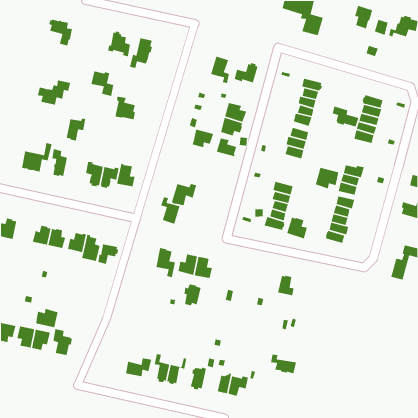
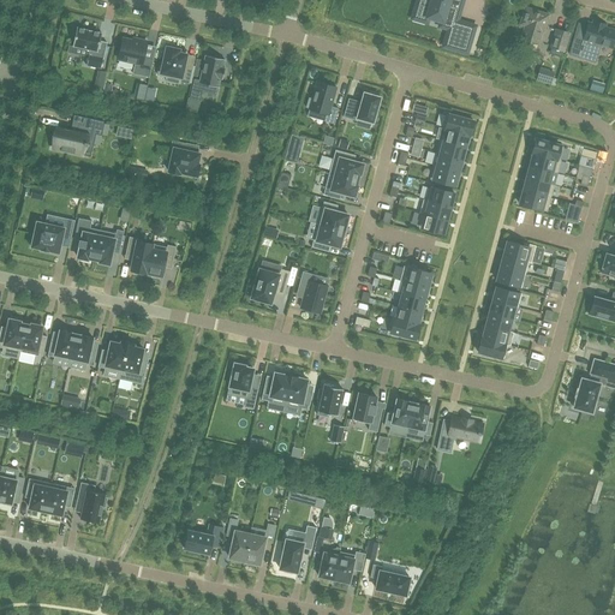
building: [91,71,114,97] -> [118,38,153,77]
building: [332,105,359,128] -> none
building: [66,118,86,142] -> [94,229,124,264]
building: [191,128,214,148] -> [311,223,345,252]
building: [116,163,136,187] -> none
building: [315,167,339,189] -> none
building: [160,196,181,225] -> [298,271,328,314]
building: [286,217,308,240] -> none
building: none -> [19,324,47,357]
building: [97,243,119,265] -> none
building: none -> [352,393,382,431]
building: none -> [384,399,413,437]
building: [183,283,201,306] -> [316,383,342,417]
building: none -> [437,418,483,453]
building: [35,308,59,328] -> none
building: [270,354,297,374] -> [370,565,410,595]

